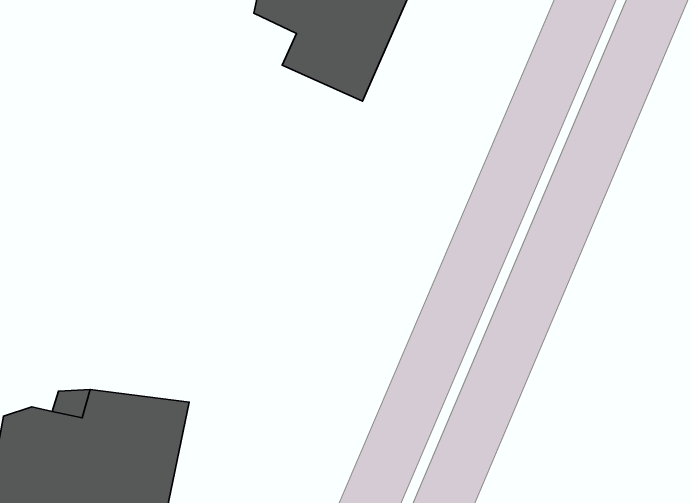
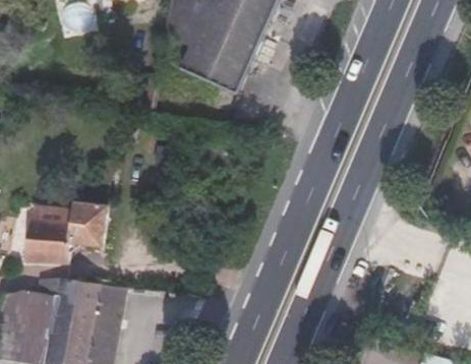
building: none -> [25,202,109,264]

